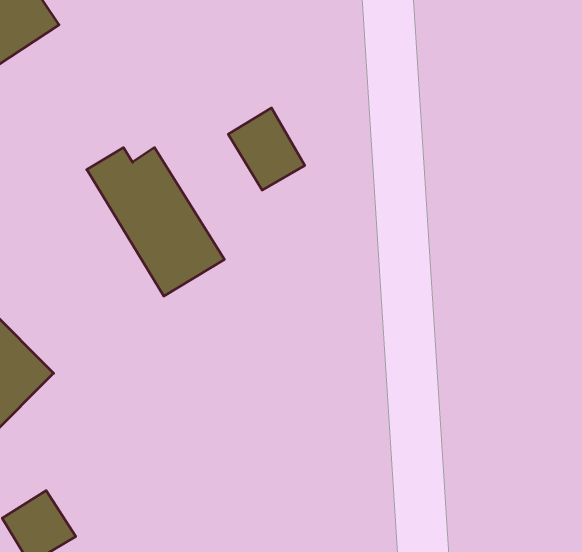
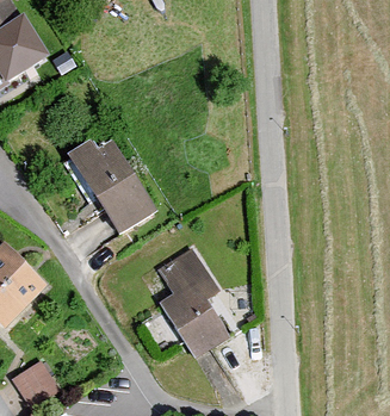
building: [228,108,305,190] -> none
building: none -> [156,242,230,359]

